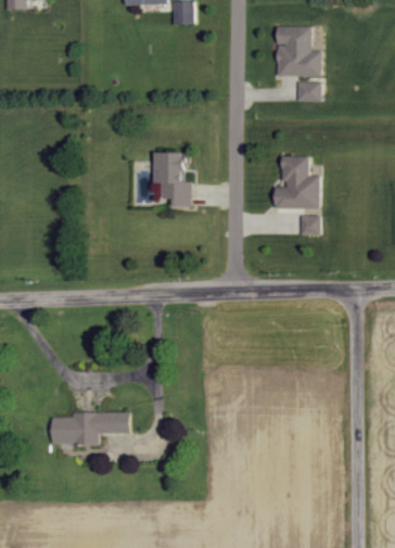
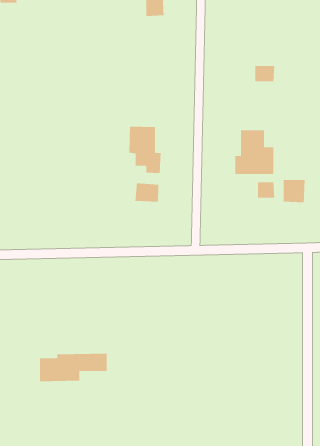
building: [276,25,321,76] -> none
building: none -> [283,179,305,203]
building: none -> [134,183,159,202]

